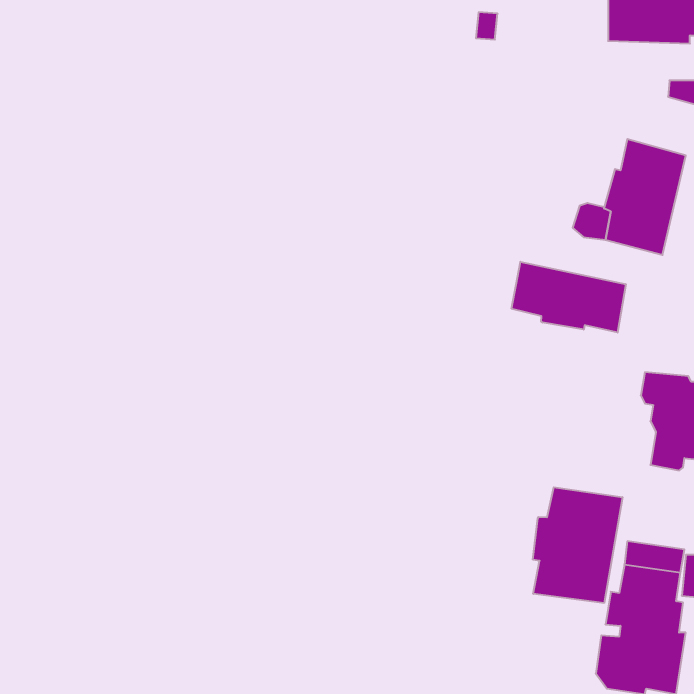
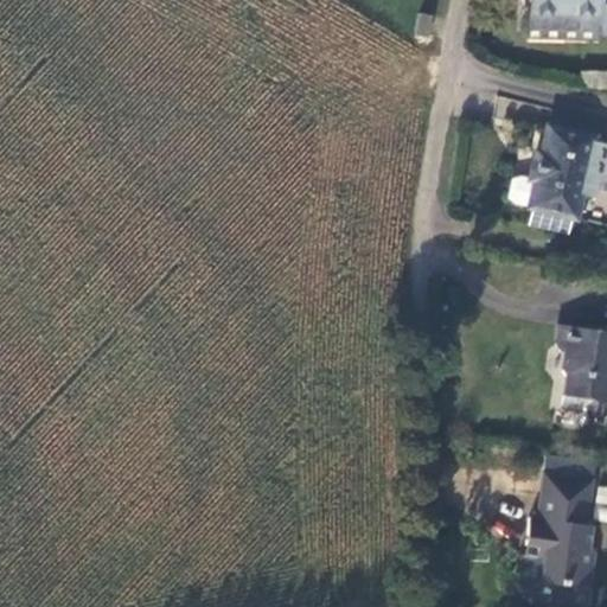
building: [512,262,626,333] -> none
building: [533,487,622,603] -> none

